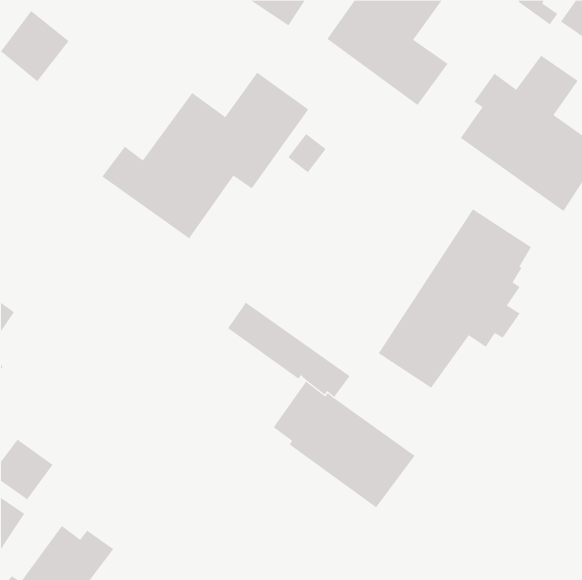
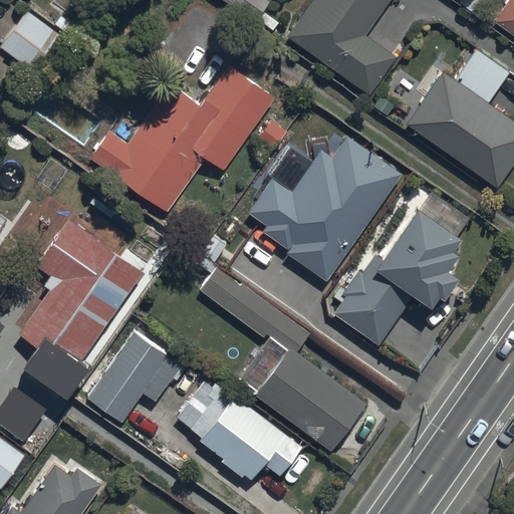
building: none -> [249,138,402,281]
building: none -> [17,220,143,399]
building: none -> [87,332,186,424]
building: none -> [177,382,302,481]

